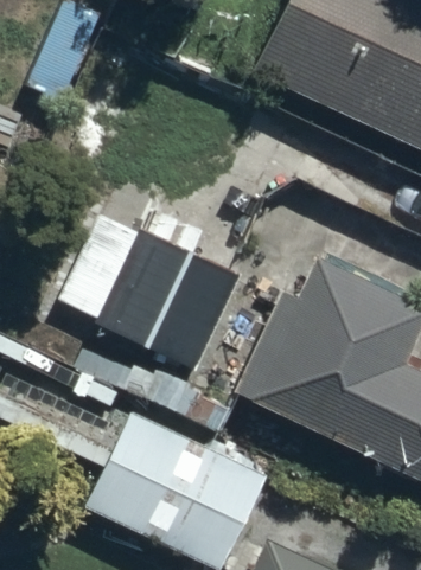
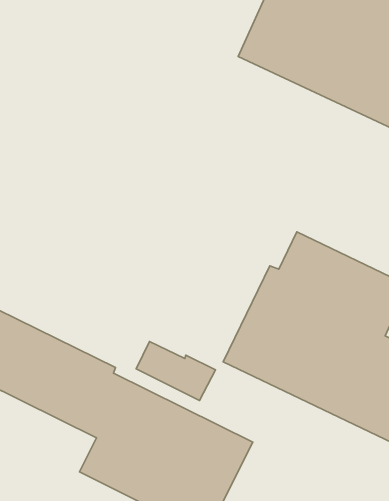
building: [62,218,243,372] -> none

